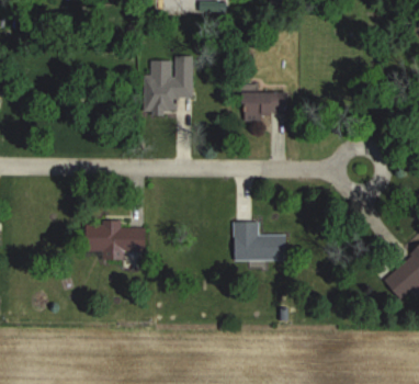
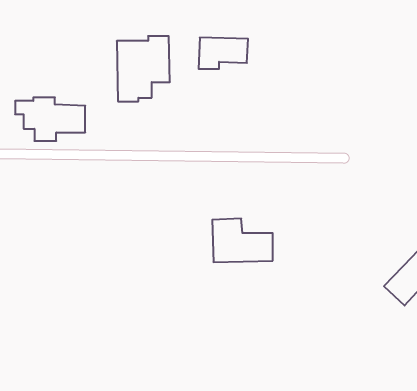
building: [244,92,288,121] -> [199,38,248,69]
building: [83,221,147,260] -> [15,97,85,141]

